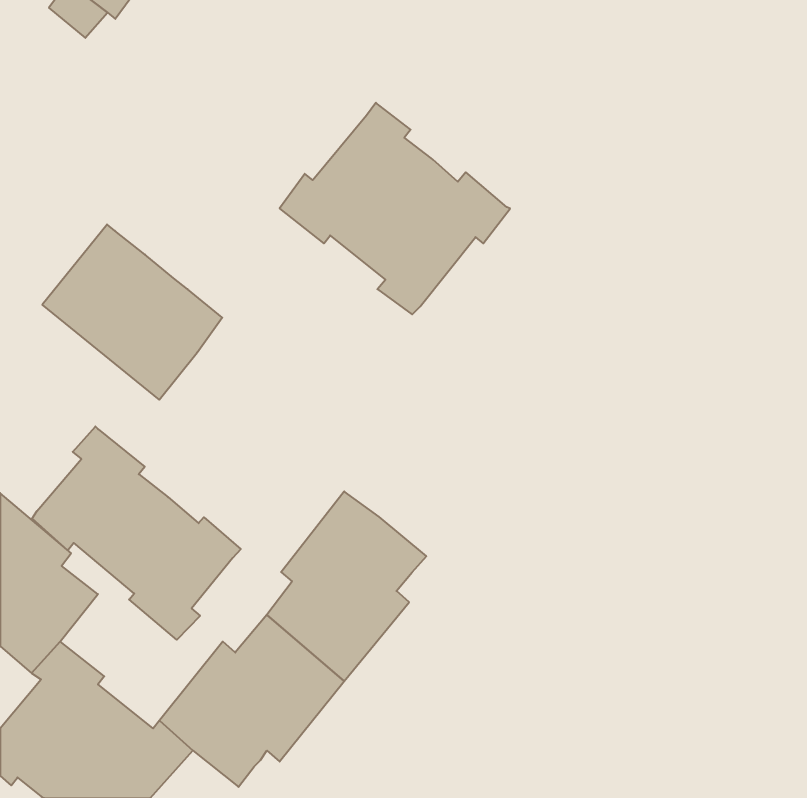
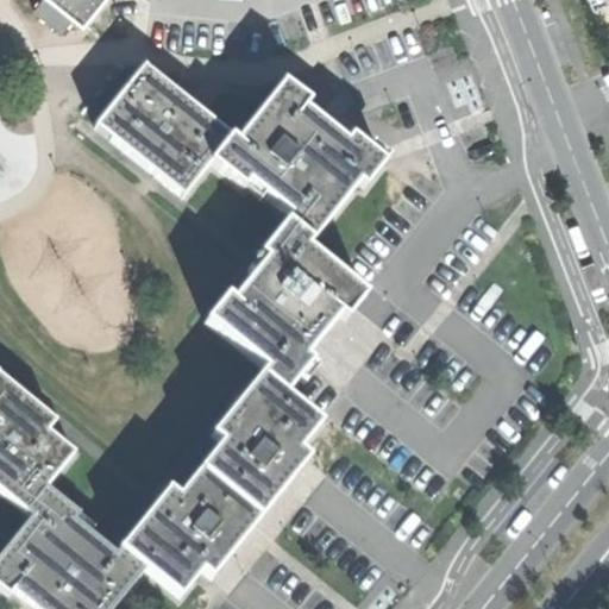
building: [42,224,222,400] -> [94,61,230,193]
building: none -> [205,218,365,389]
building: [32,426,241,640] -> none

